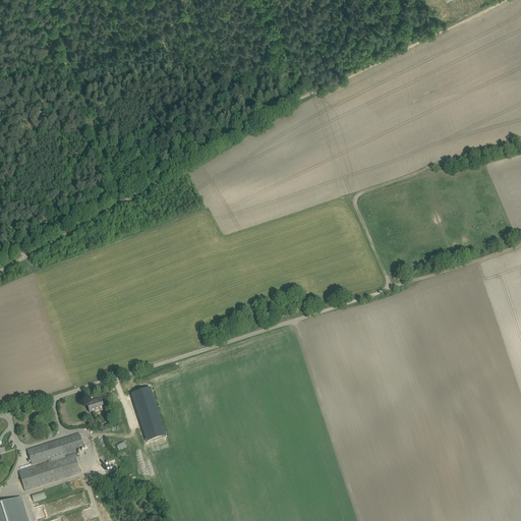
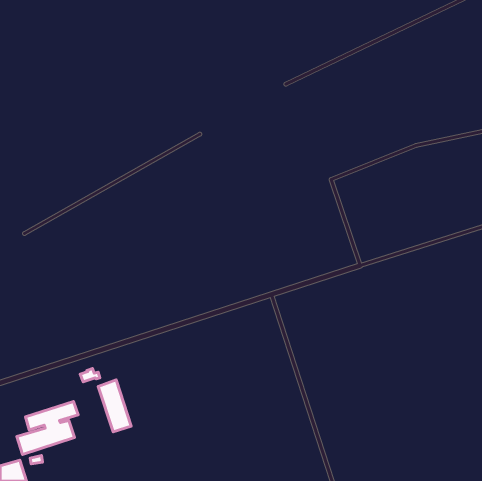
building: [130,386,166,442] -> [98,380,131,432]

